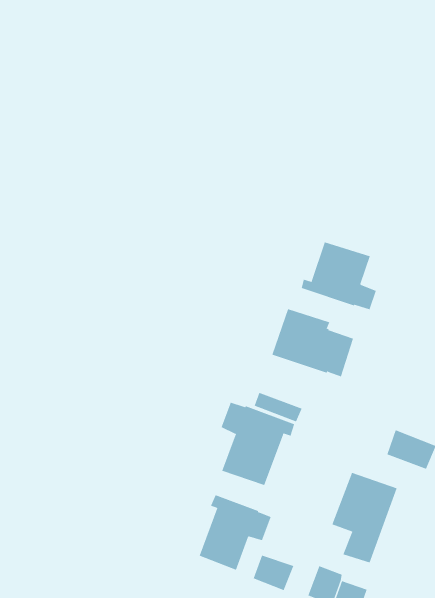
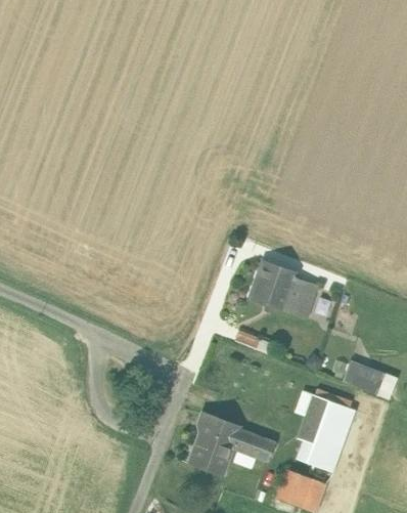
building: [301,242,377,310] -> none
building: [221,402,295,486] -> none
building: [253,555,294,591] -> [242,432,276,462]

